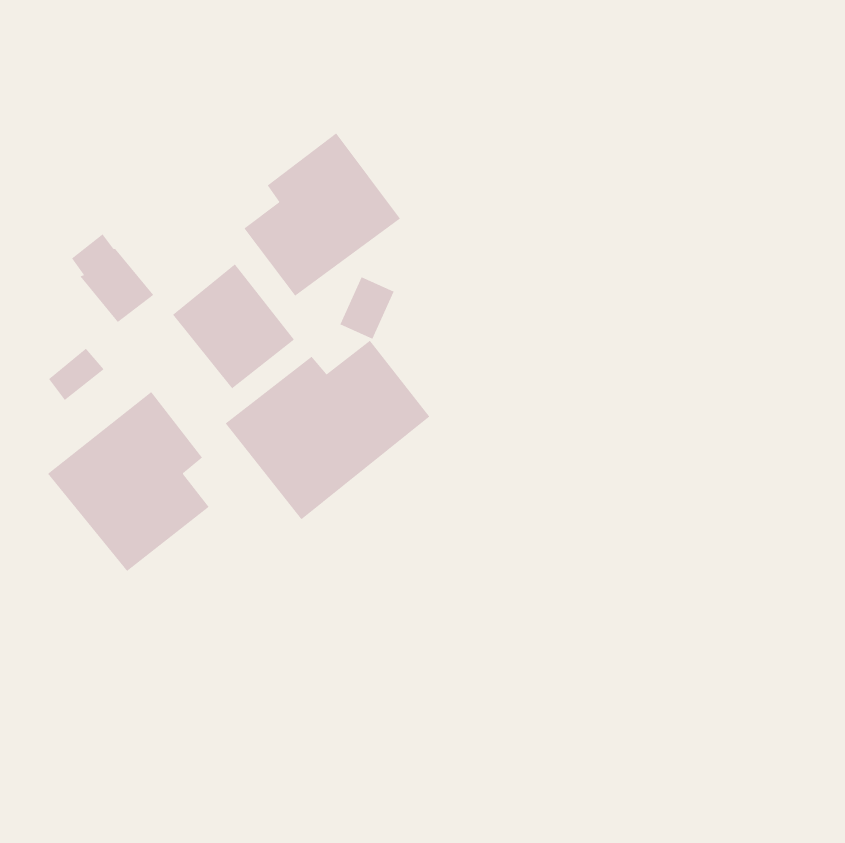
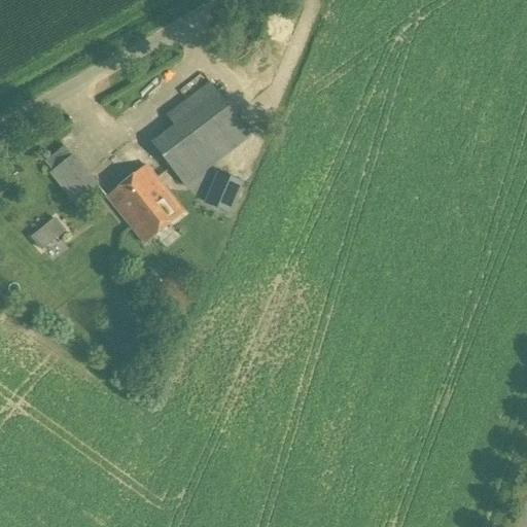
building: [225,340,430,520] -> none
building: [47,391,210,572] -> none

